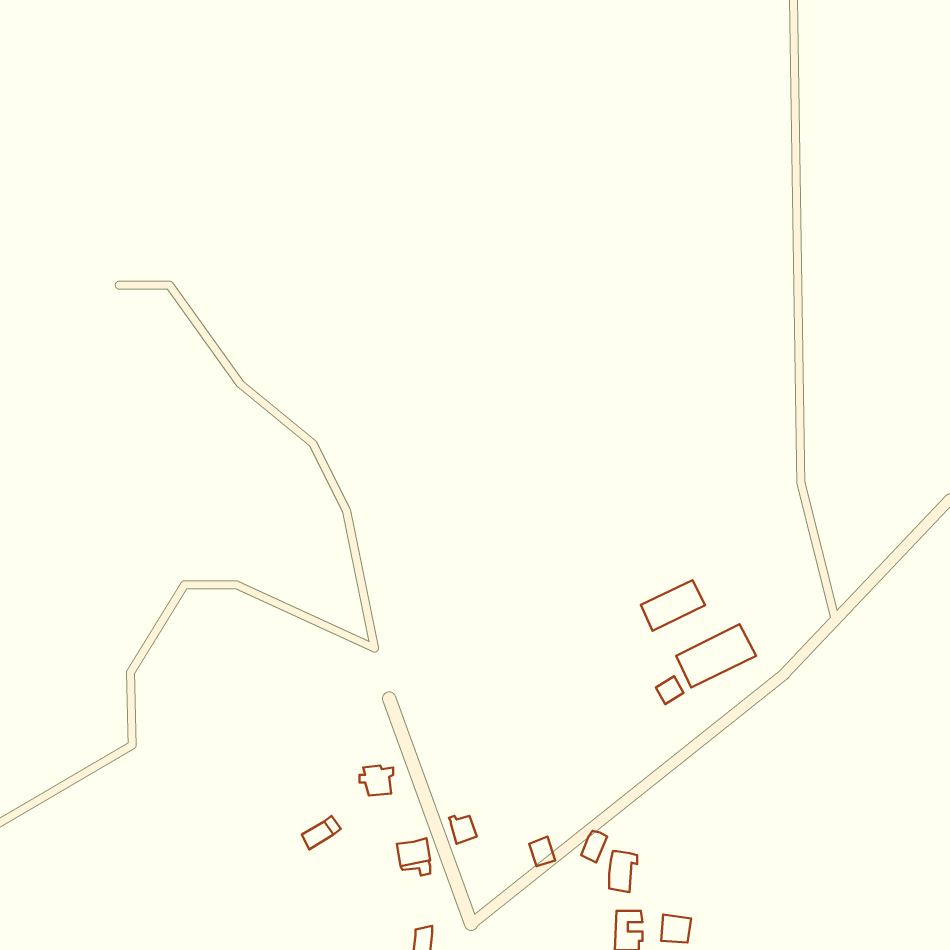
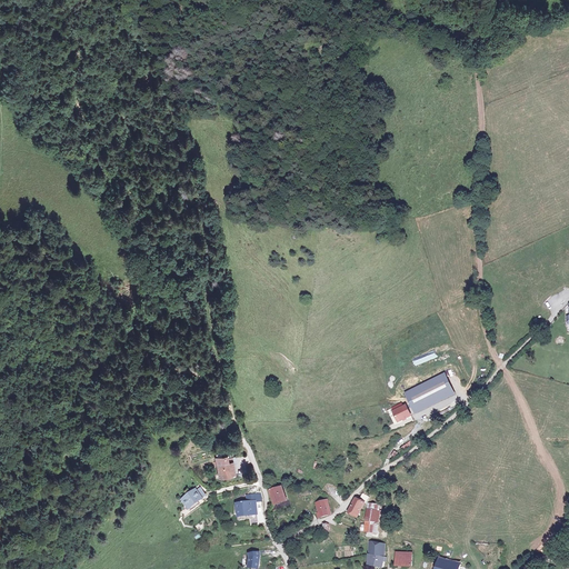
building: [641,580,705,631] -> none

